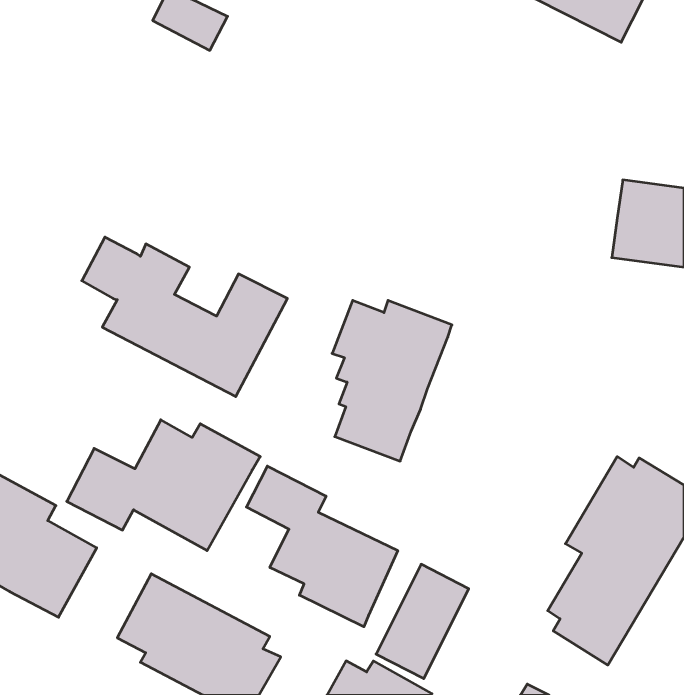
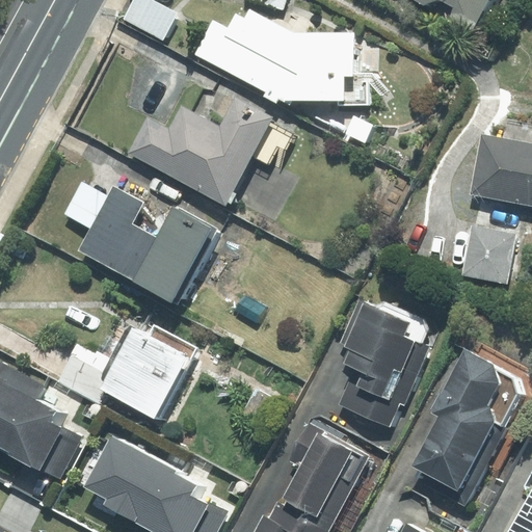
building: none -> [192,8,358,105]
building: none -> [125,99,273,206]
building: none -> [459,221,514,285]
building: [332,300,452,461] -> [336,302,427,425]
building: [246,466,398,627] -> none

